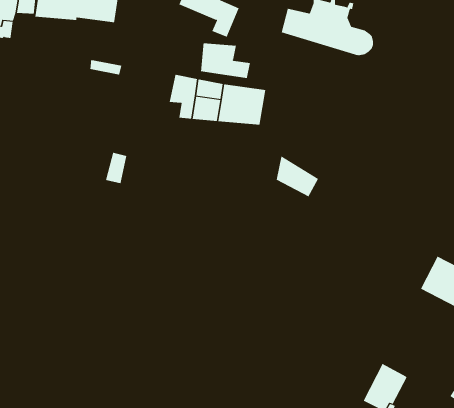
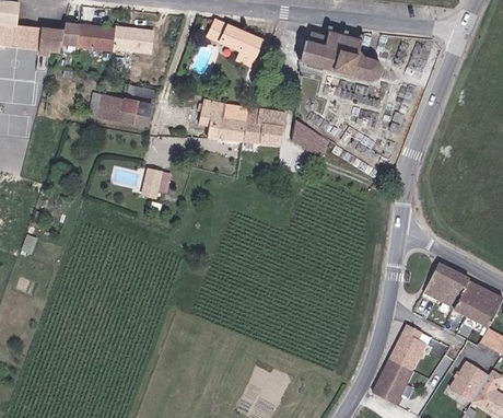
building: [200,43,251,79] -> none
building: none -> [89,92,152,127]
building: [276,156,319,197] -> [291,119,329,156]
building: none -> [389,325,425,370]

